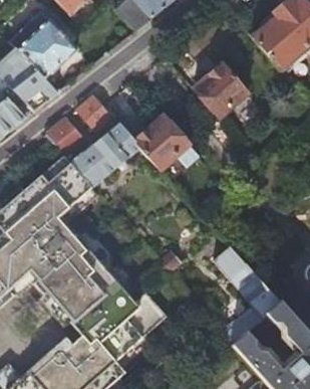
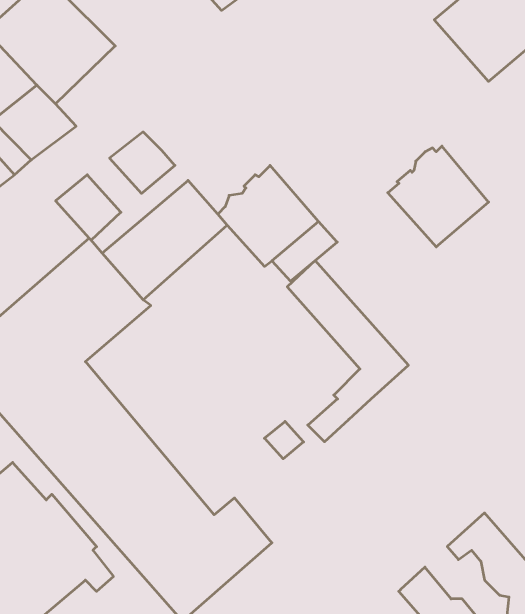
building: [194,62,248,117] -> [388,146,489,247]
building: [214,244,279,342] -> [287,261,408,442]

